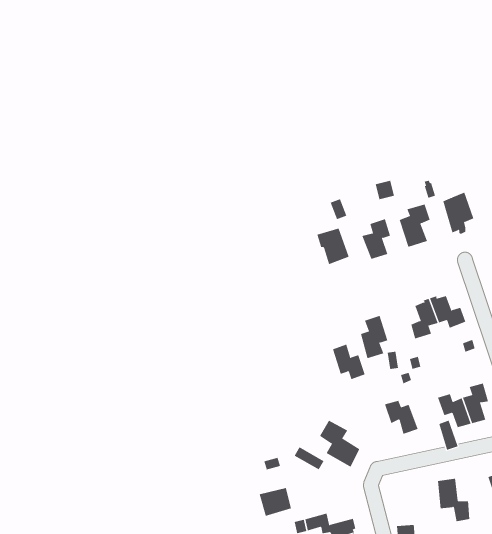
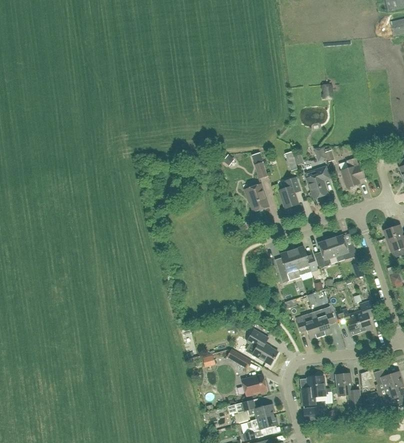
building: [332,344,365,380] -> [293,246,318,273]
building: none -> [315,306,336,336]
building: none -> [303,376,326,405]
building: [259,487,292,517] -> [242,374,267,396]

